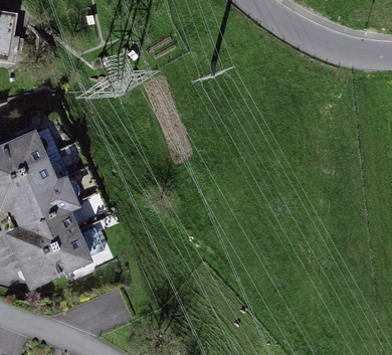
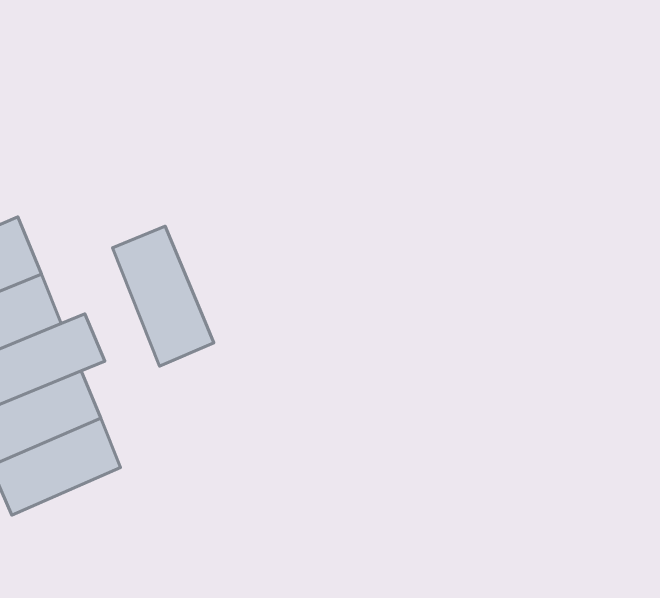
building: none -> [112,226,214,366]

